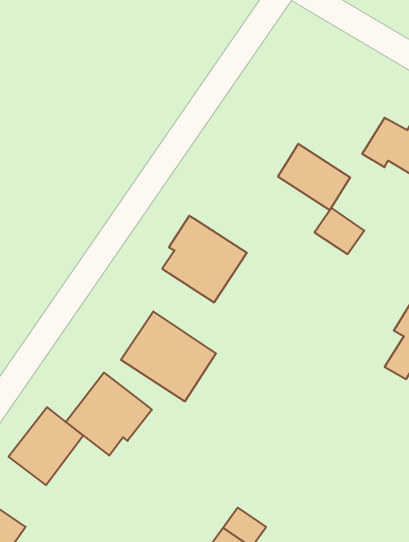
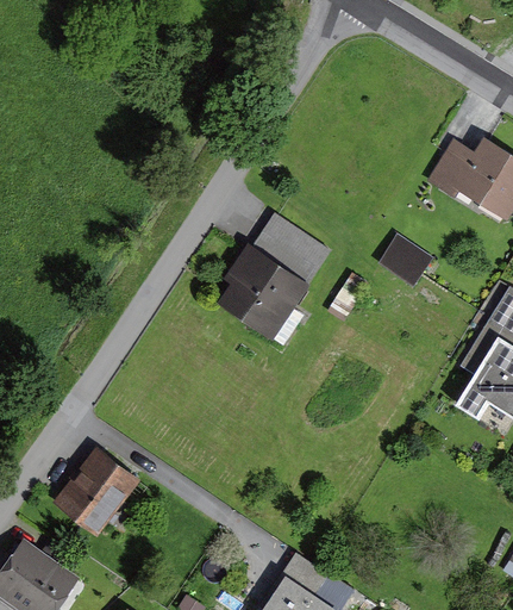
building: [278,144,350,210] -> [255,216,331,286]
building: [121,311,216,401] -> none
building: [66,373,152,456] -> none

